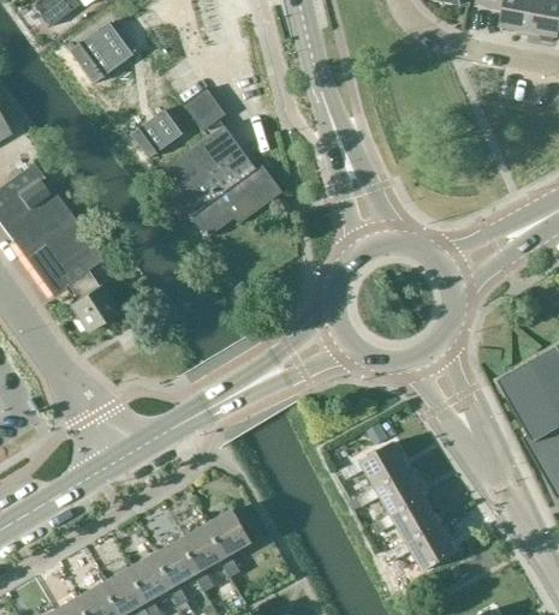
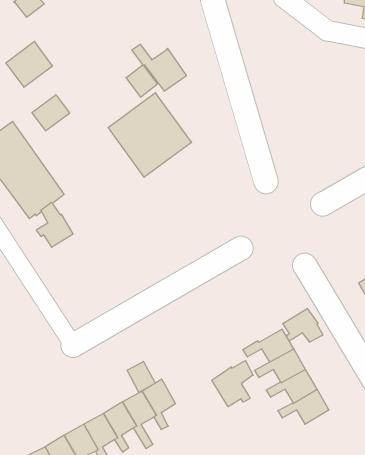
building: [72,22,135,83] -> [6,41,53,87]
building: none -> [132,44,187,91]
building: [133,109,184,157] -> [32,95,70,131]
building: none -> [283,308,323,342]
building: none -> [212,361,253,407]
building: none -> [127,361,155,393]

